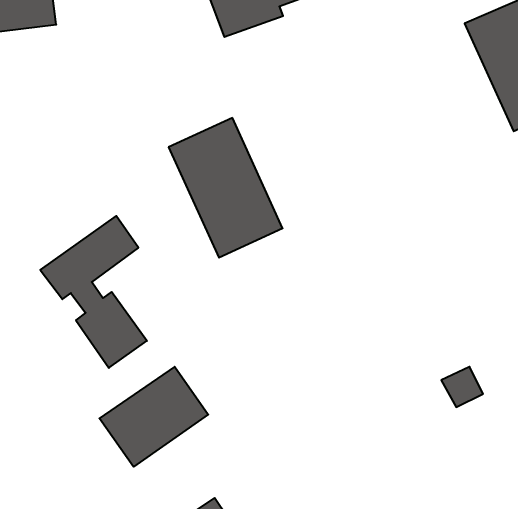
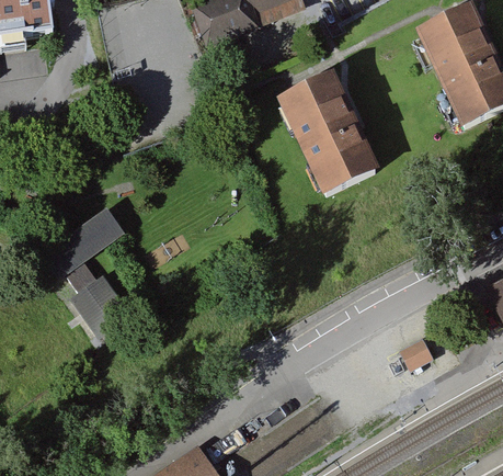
building: [169,118,283,258] -> [278,73,380,199]
building: [99,367,208,467] -> none

